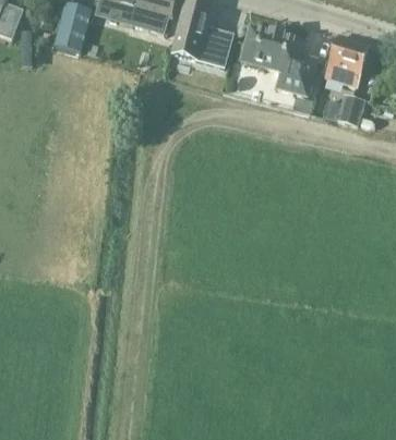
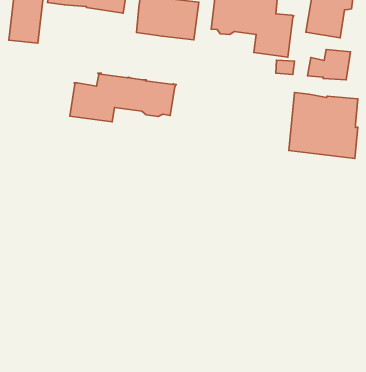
building: none -> [70,73,176,122]
building: none -> [289,92,358,159]

